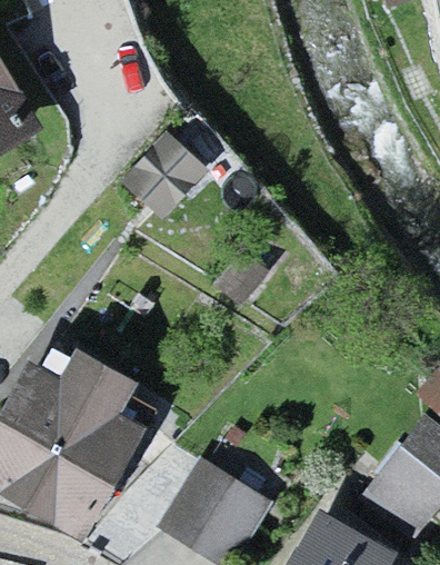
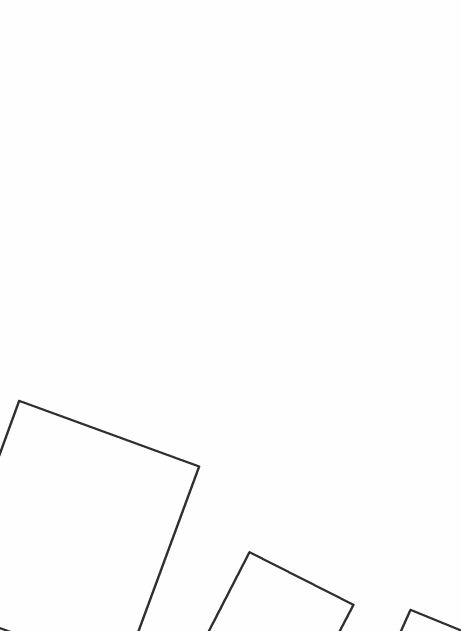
building: [123,132,210,220] -> none

